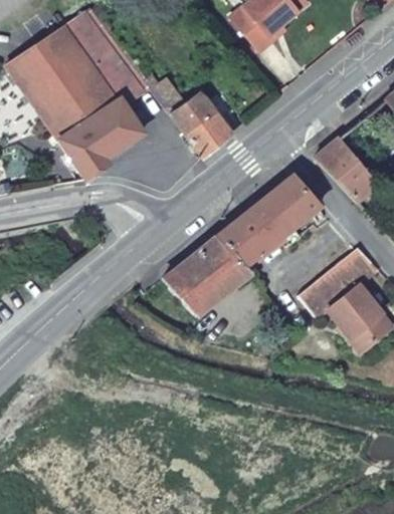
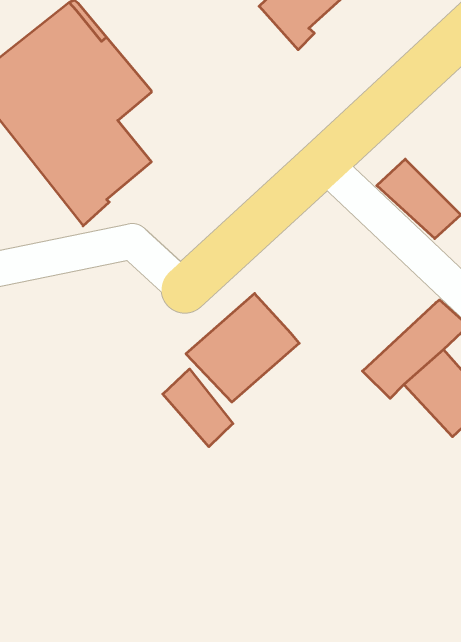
building: [146,73,231,156] -> none
building: [216,176,319,268] -> none
building: none -> [163,369,233,447]

